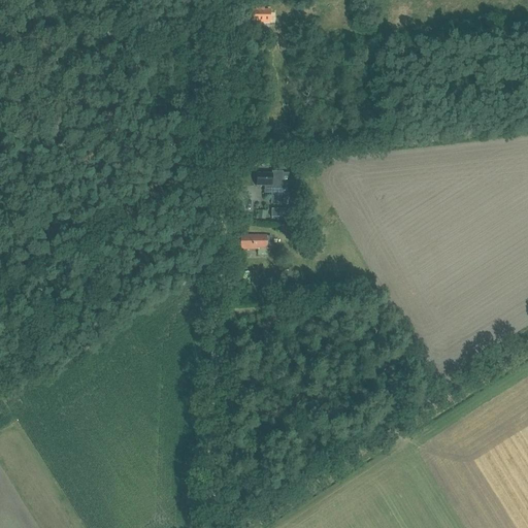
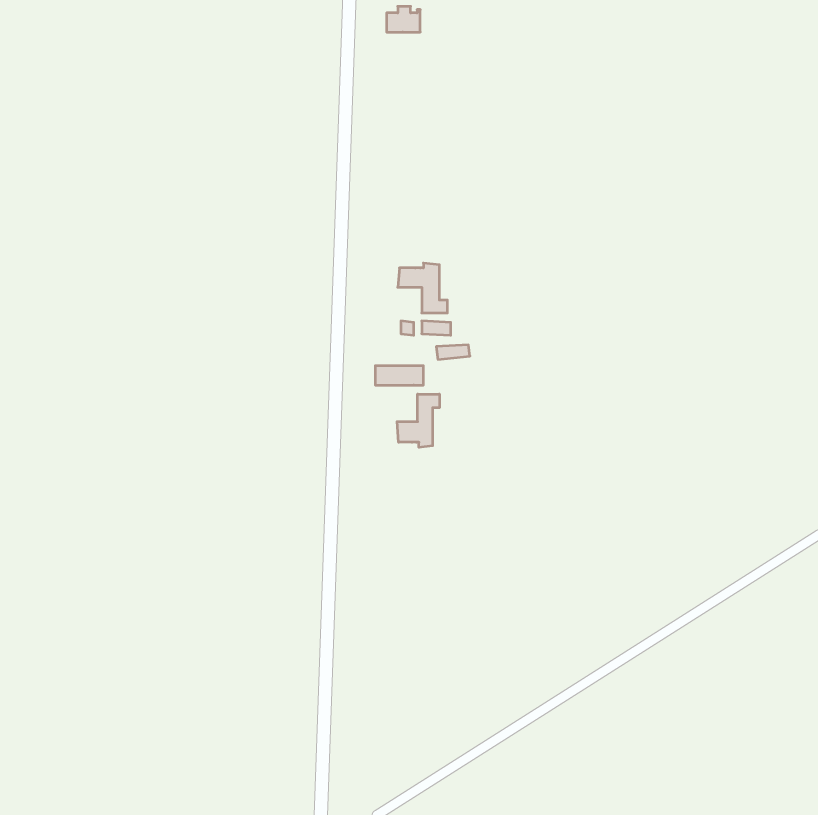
building: none -> [397,394,439,447]

